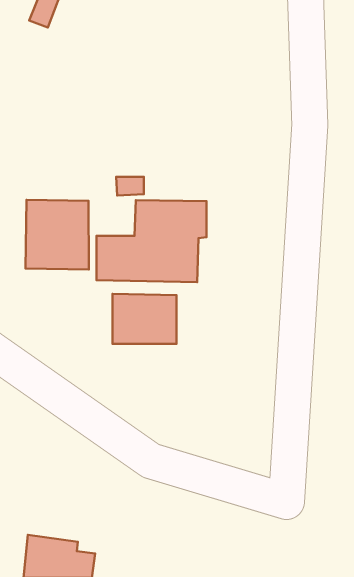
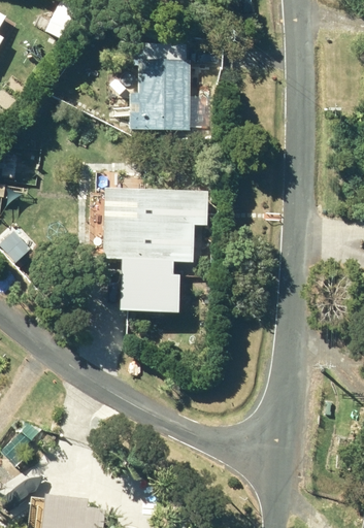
building: none -> [130,42,190,130]
building: [25,200,89,269] -> none

